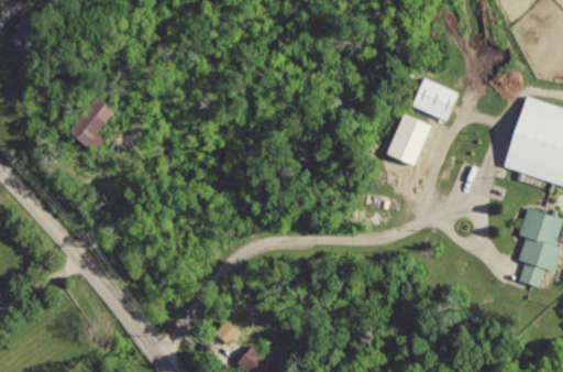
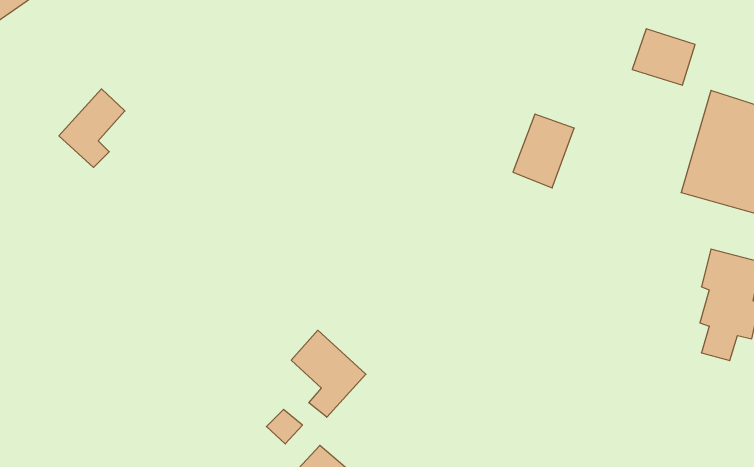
building: [412,79,456,119] -> [632,29,695,85]
building: none -> [291,330,366,417]

